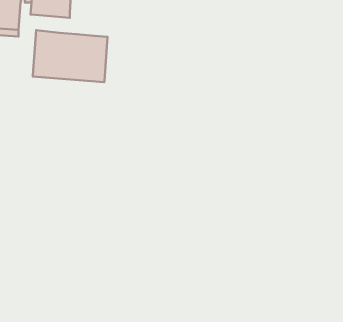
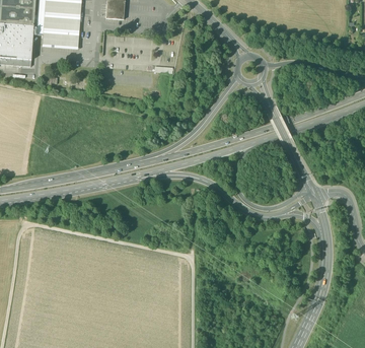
building: [33,30,108,82] -> none

